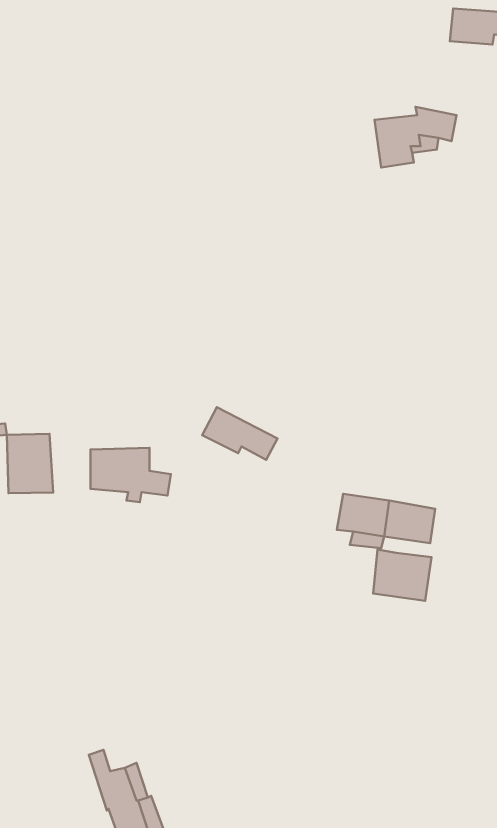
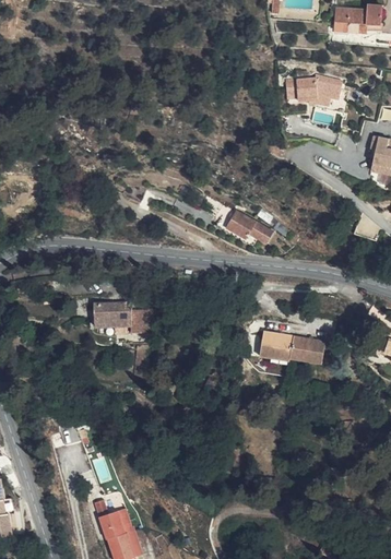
building: [202,407,278,460] -> [226,210,276,245]
building: [7,434,53,493] -> none
building: [373,549,432,601] -> none

